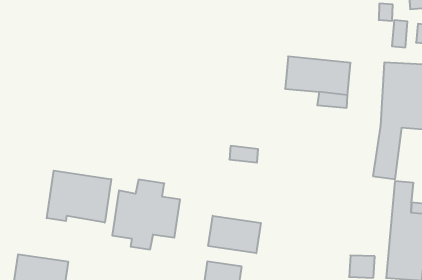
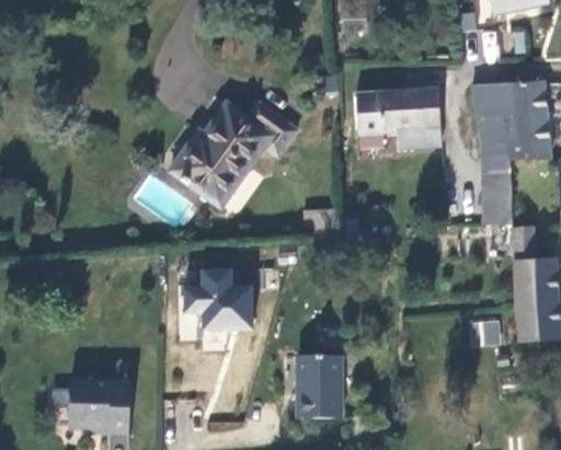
building: none -> [169,103,297,215]
building: [47,171,111,223] -> none
building: [208,216,261,253] -> none

